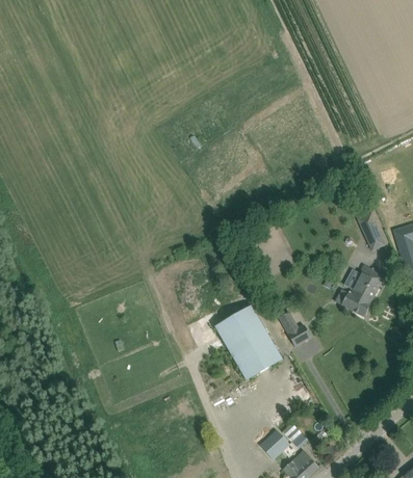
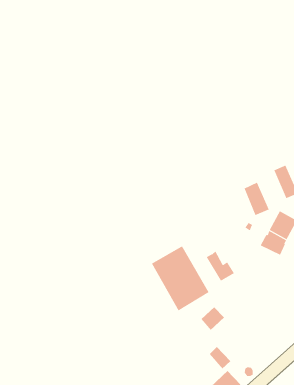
building: none -> [244,182,270,216]
building: [261,430,289,458] -> [201,307,225,331]

